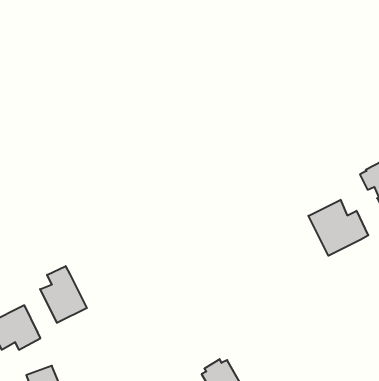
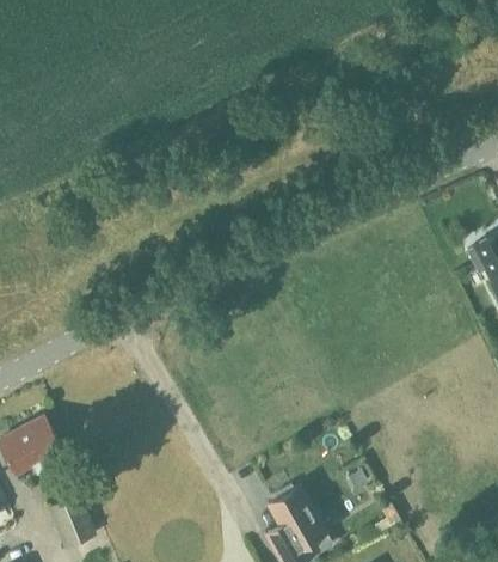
building: [308,200,368,256] -> none
building: [40,266,87,323] -> none

